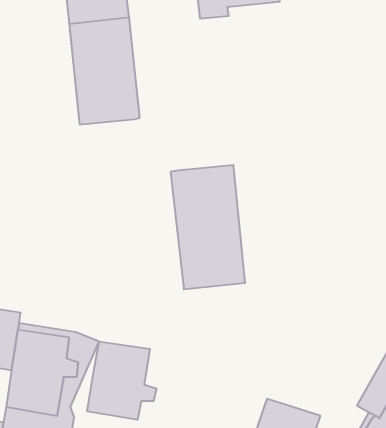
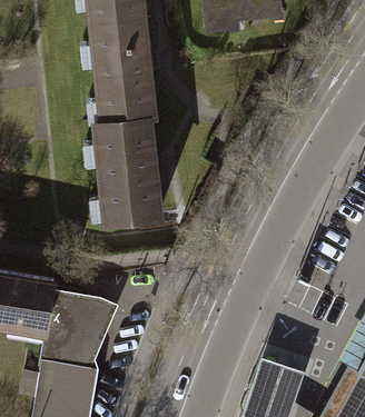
building: [171,165,245,289] -> [96,116,159,221]
building: [87,341,157,420] -> none

